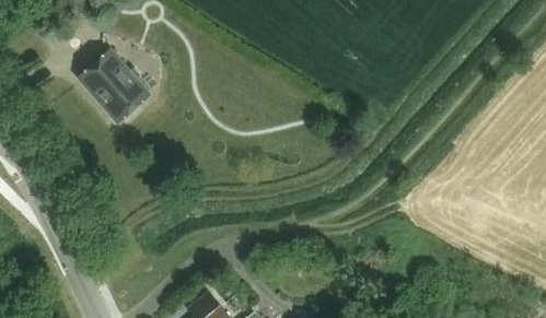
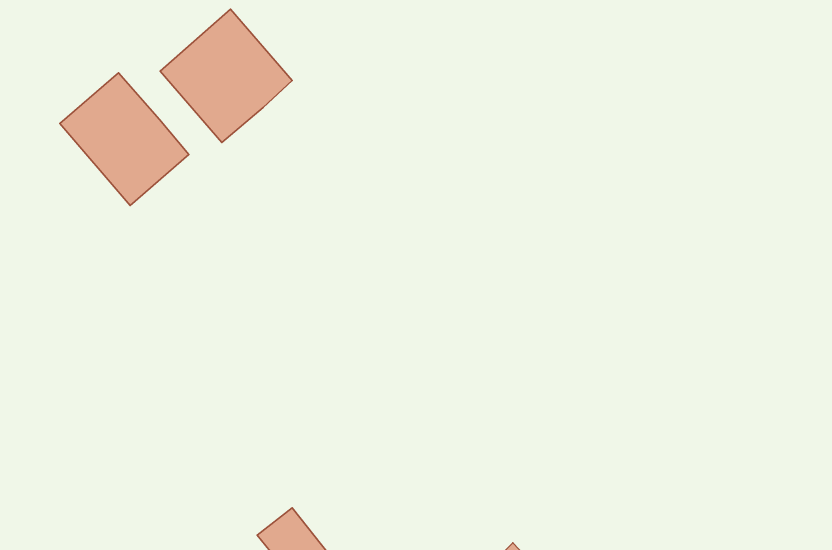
building: none -> [160,9,292,142]

